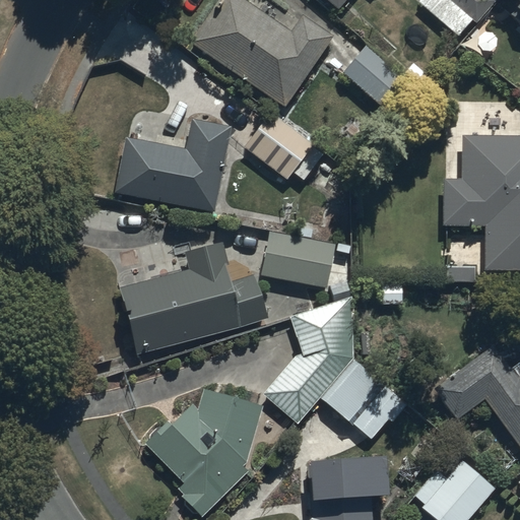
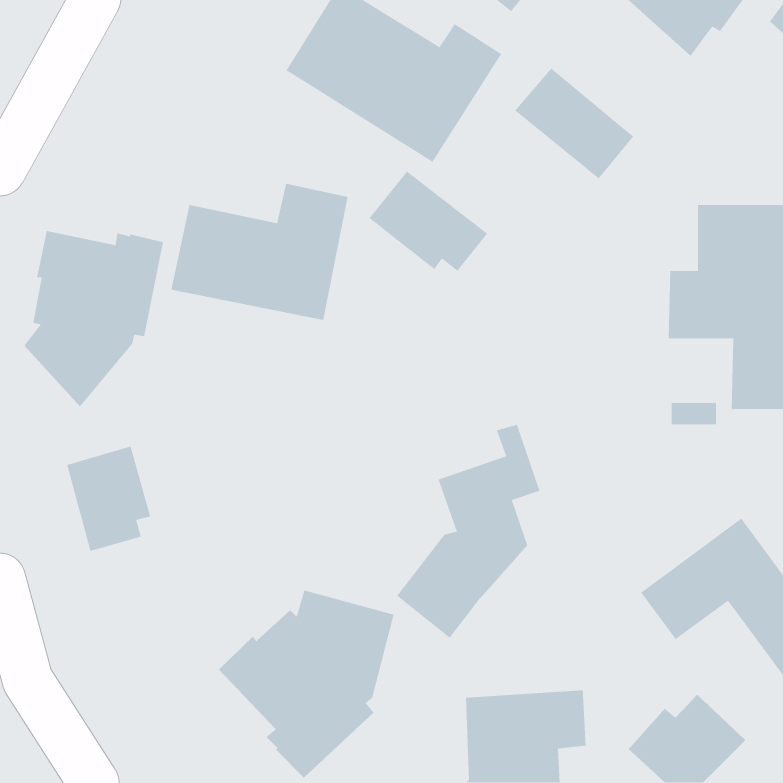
building: none -> [24,230,164,407]
building: [261,232,336,288] -> none
building: [120,242,268,354] -> none
building: none -> [66,446,151,552]
building: [319,361,407,439] -> none

